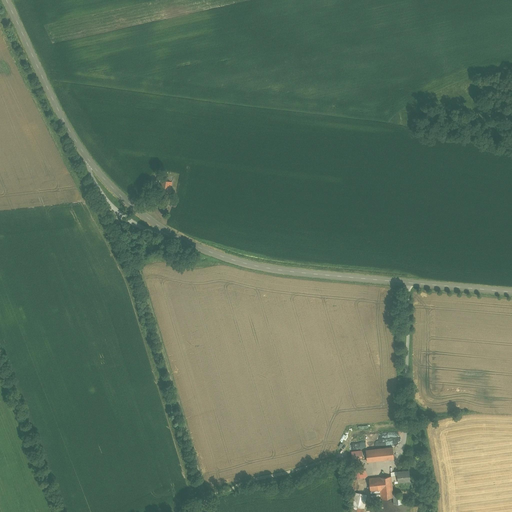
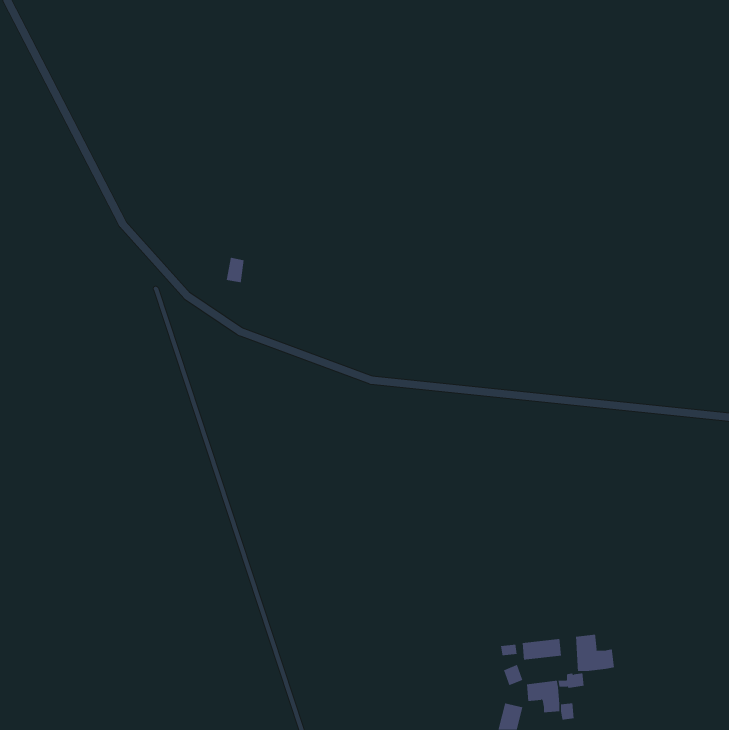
building: none -> [576,634,614,672]

